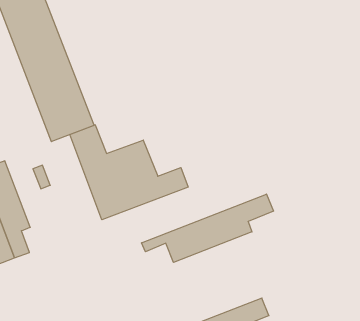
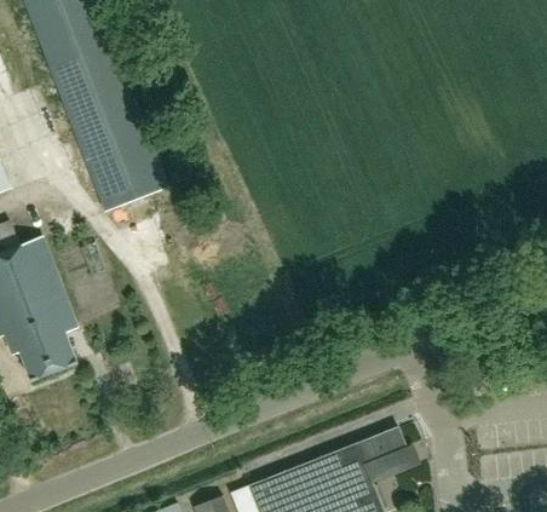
building: [70,125,188,220] -> none
building: [142,194,274,262] -> none

